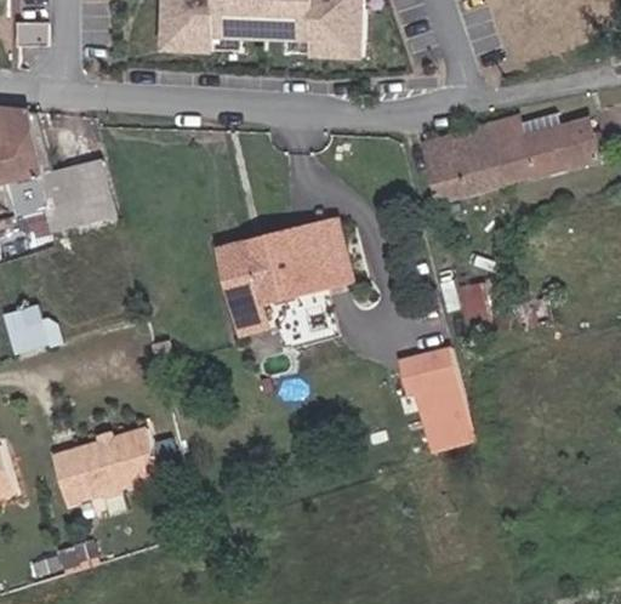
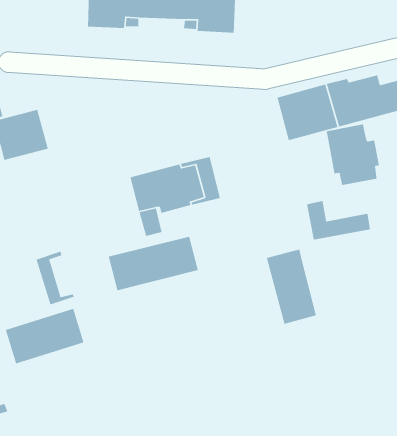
building: none -> [326,124,380,186]
building: none -> [108,236,199,291]
building: none -> [35,251,75,306]

